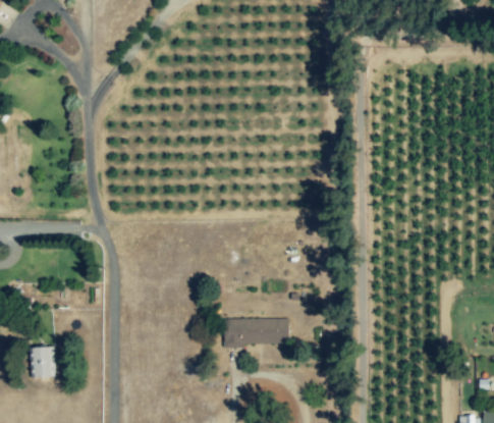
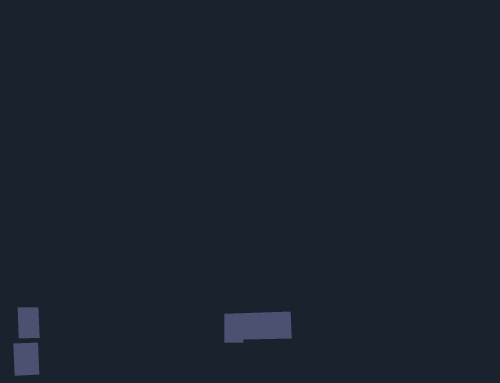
building: none -> [17,306,40,339]

